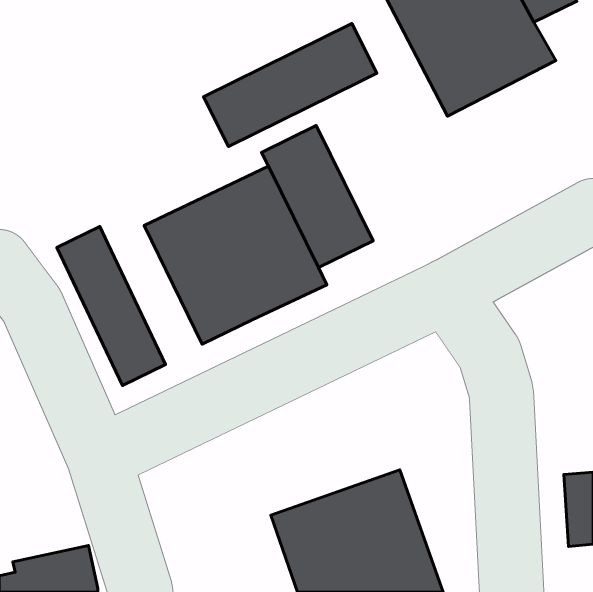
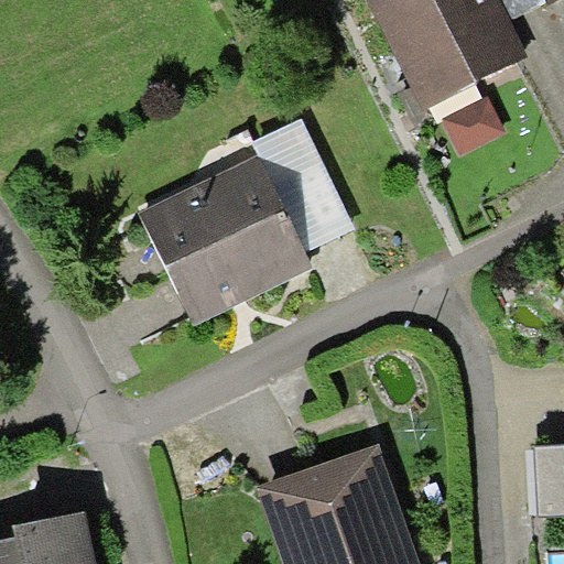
building: [203,23,377,147] -> none
building: [57,227,166,385] -> none

